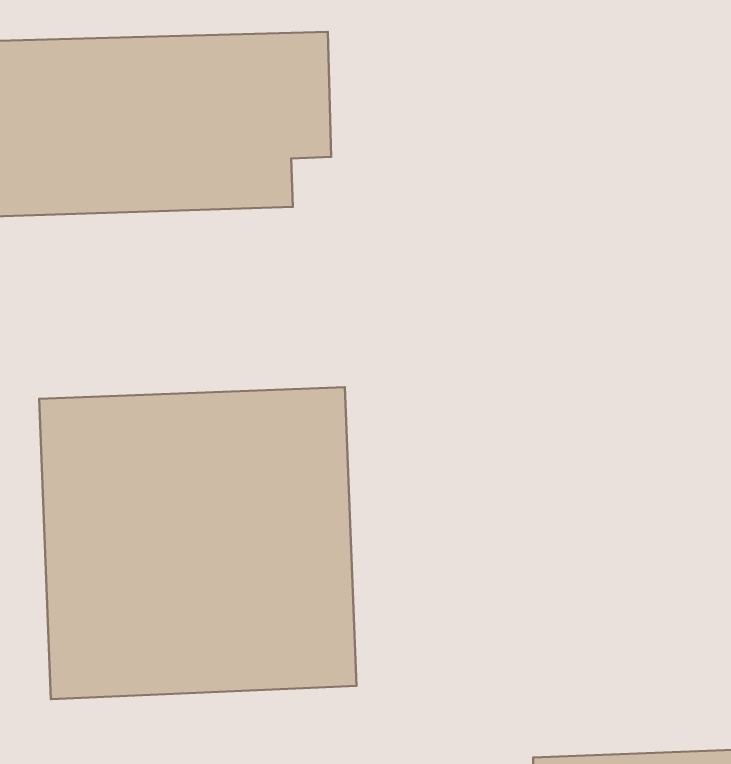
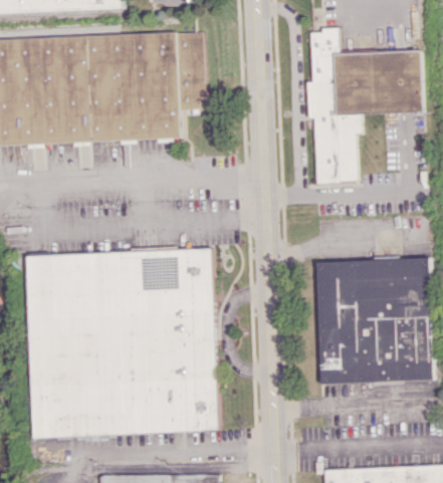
building: none -> [304,27,419,183]
building: none -> [314,258,431,384]

